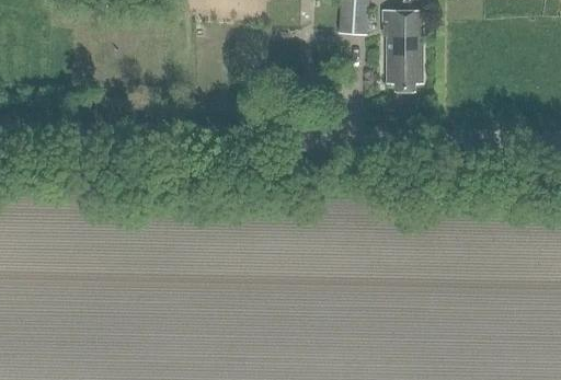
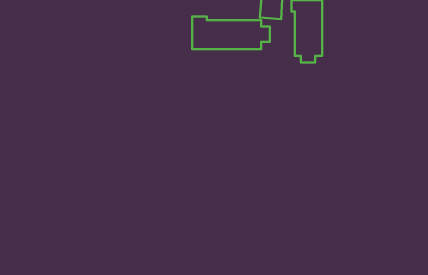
building: none -> [192,16,270,49]

